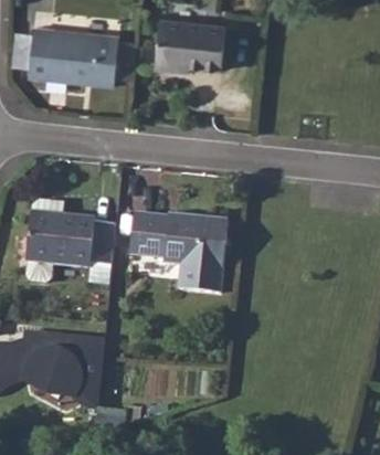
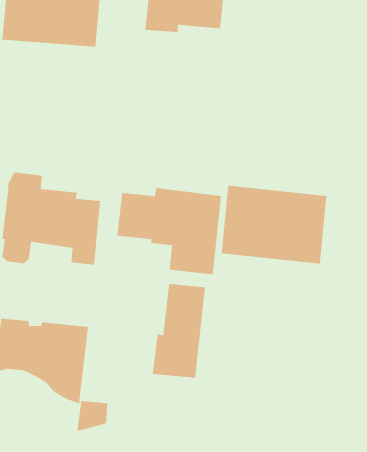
building: none -> [221,185,327,265]
building: none -> [152,283,205,379]

